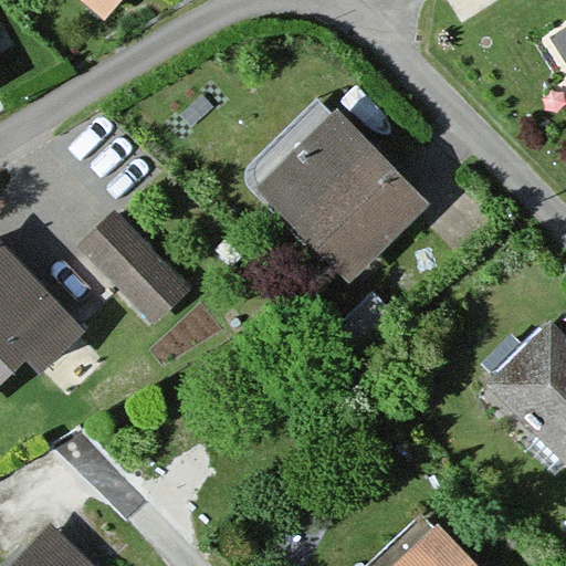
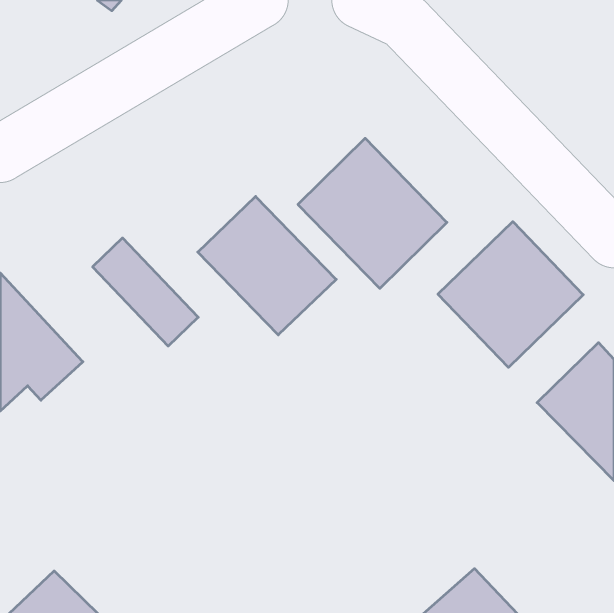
building: none -> [198,196,336,335]
building: none -> [438,222,583,367]

